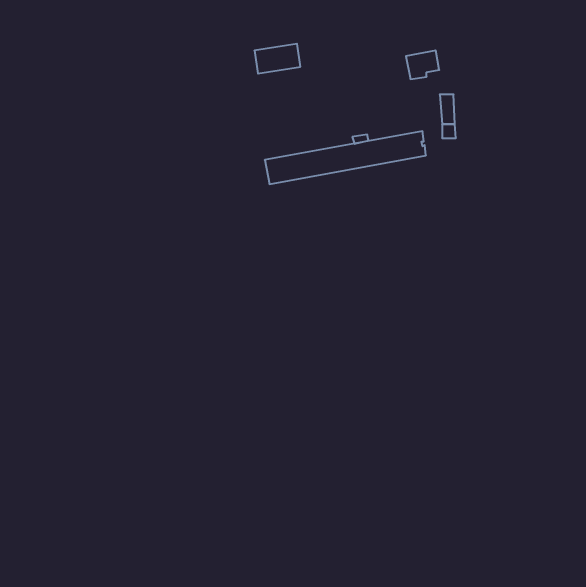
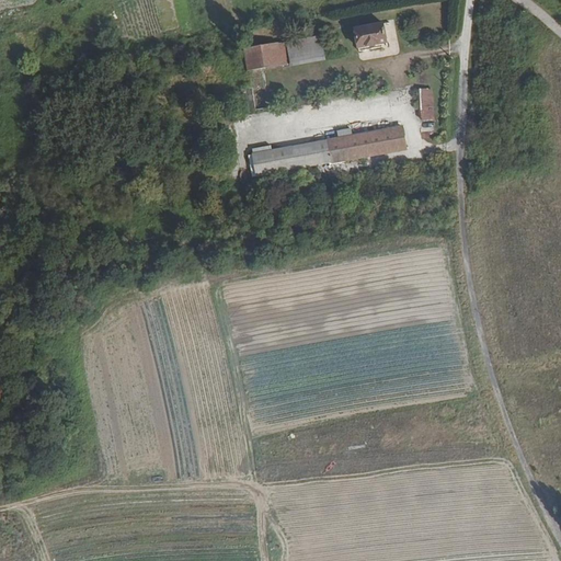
building: none -> [285,35,323,66]
building: [406,50,439,79] -> [354,23,386,50]

